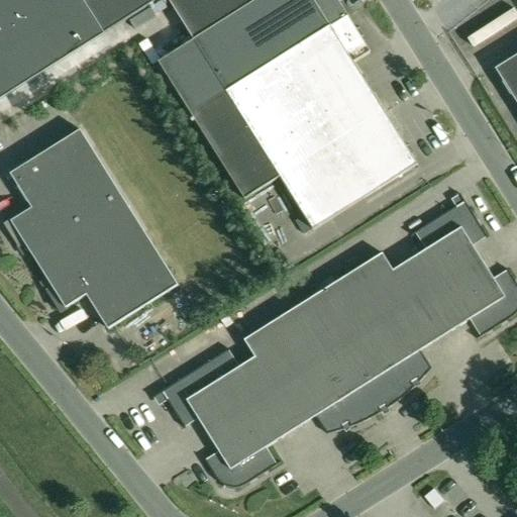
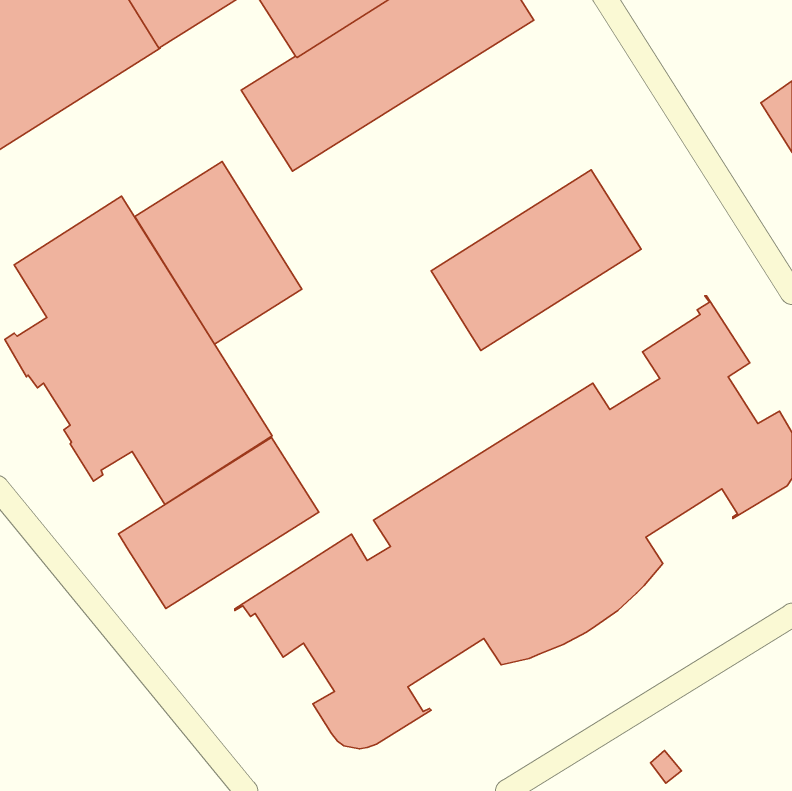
building: [190,13,384,196] -> none
building: none -> [135,162,302,344]
building: none -> [119,437,319,609]

